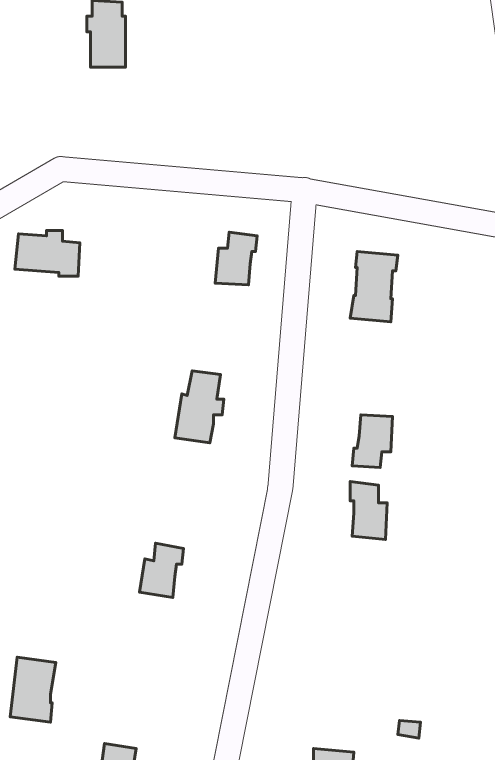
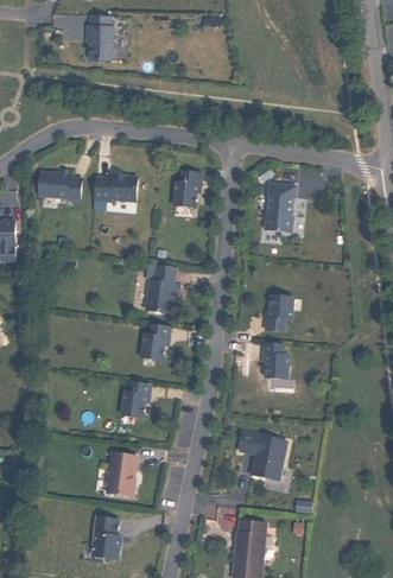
building: none -> [93,172,137,201]
building: none -> [140,323,170,360]
building: none -> [239,431,287,478]
building: [10,657,56,722] -> [107,451,138,495]

